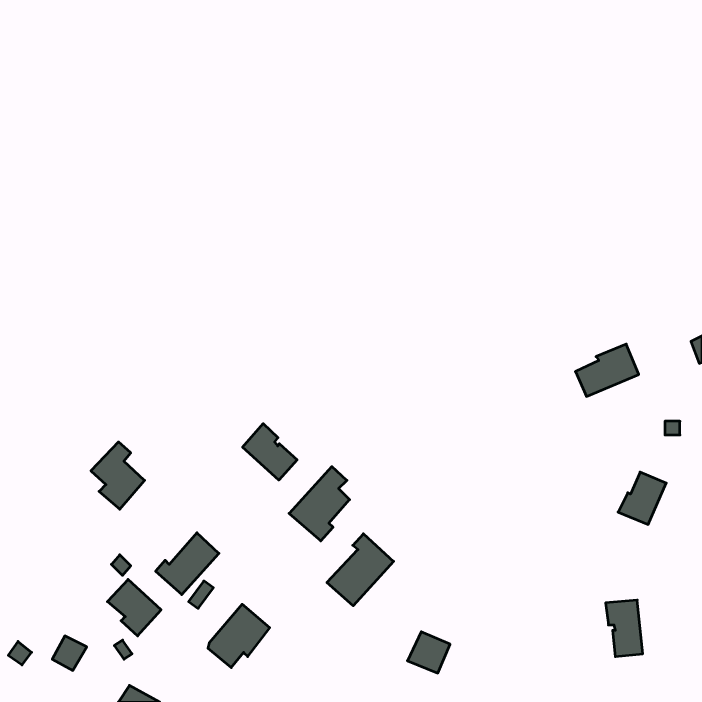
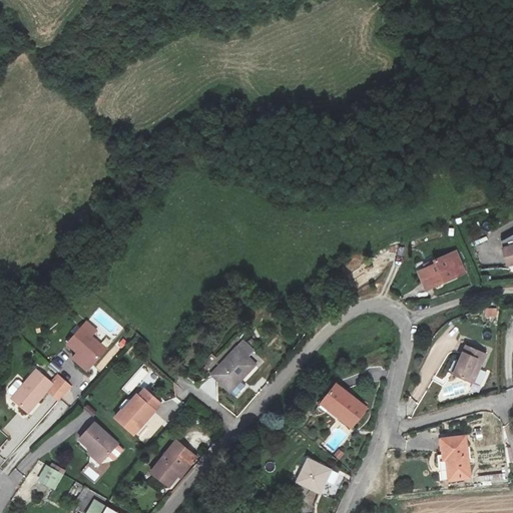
building: [243,424,297,480] -> none
building: none -> [11,369,68,410]
building: none -> [322,384,366,428]
building: [327,534,394,606] -> none

